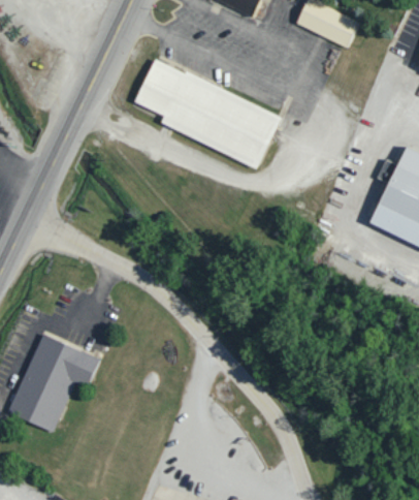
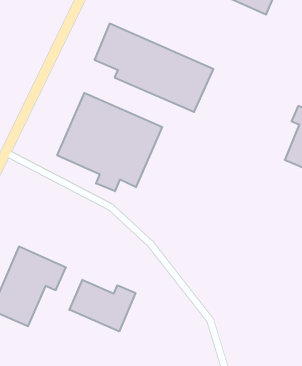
building: none -> [57,93,162,191]
building: none -> [69,280,135,331]

